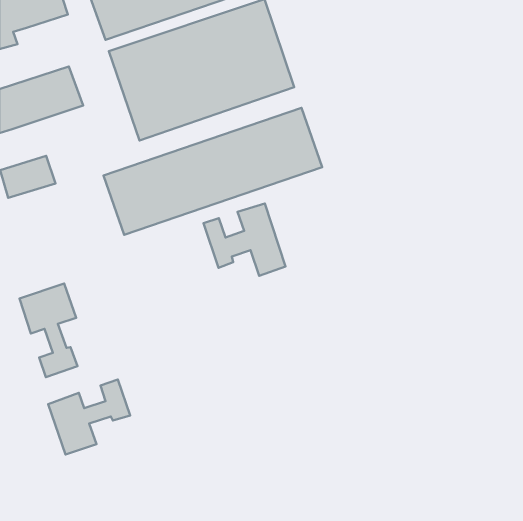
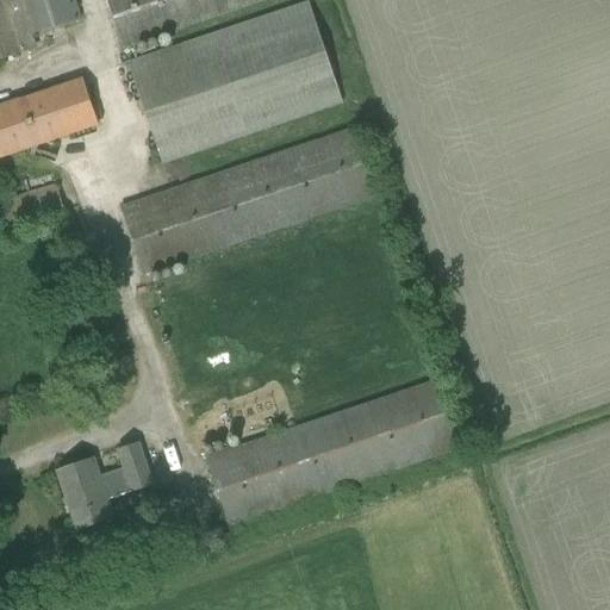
building: [204,204,286,276] -> none
building: [20,283,78,377] -> none
building: none -> [205,378,459,524]

